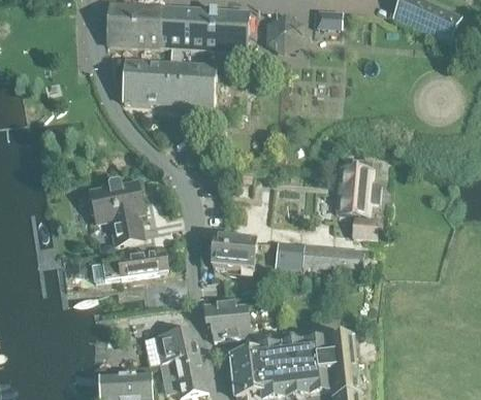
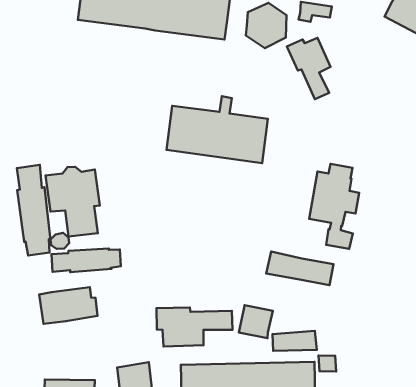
building: none -> [287,38,330,99]
building: [123,46,215,105] -> [166,96,268,163]
building: none -> [17,165,51,255]
building: [211,235,254,268] -> none
building: [274,240,303,269] -> [239,305,273,338]
building: [142,329,198,366] -> [39,287,98,324]

